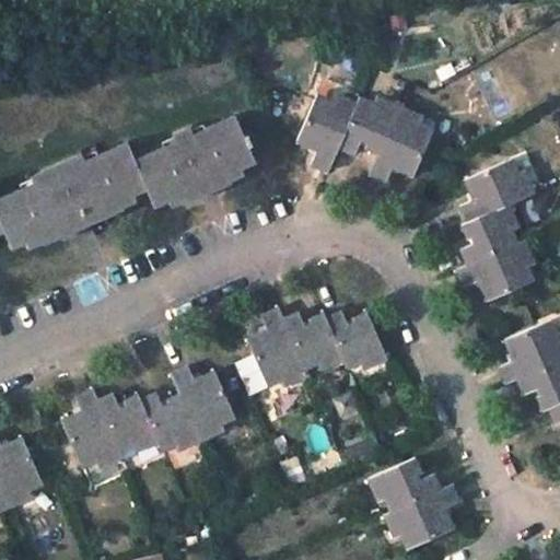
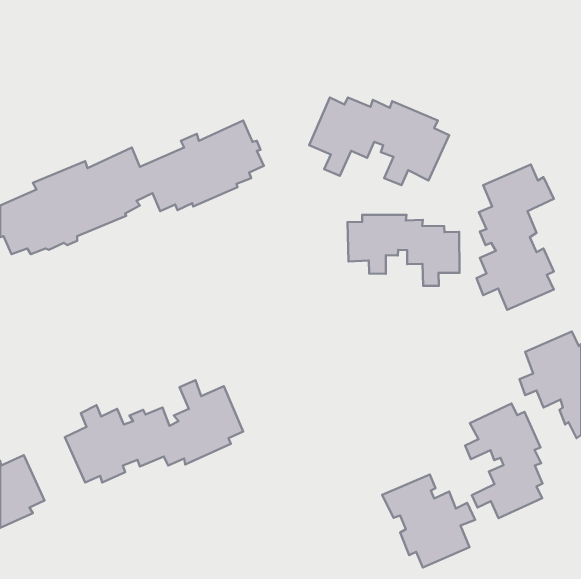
building: none -> [347,215,459,286]
building: [247,310,385,385] -> none
building: none -> [465,403,543,518]

